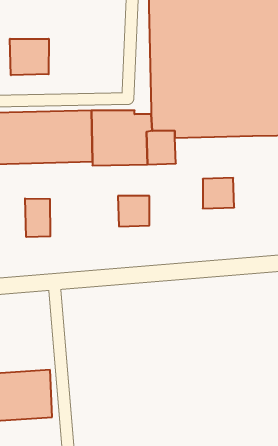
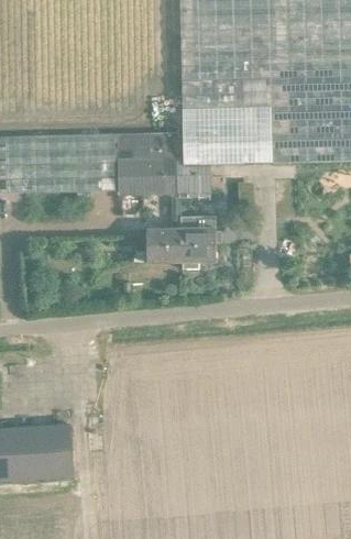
building: [10,39,49,75] -> none
building: [203,178,234,208] -> [180,228,216,262]
building: [25,198,50,237] -> none

